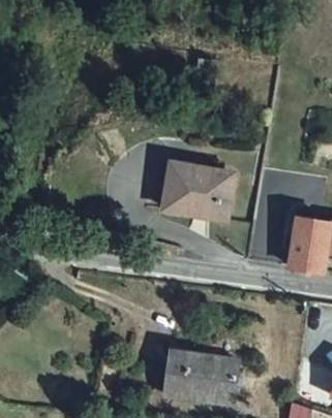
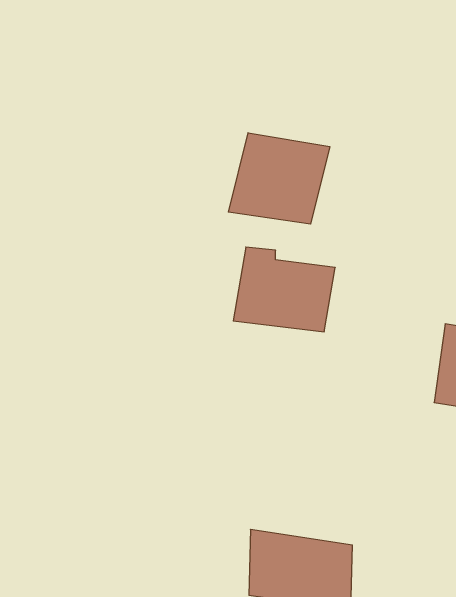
building: none -> [228,133,330,224]

